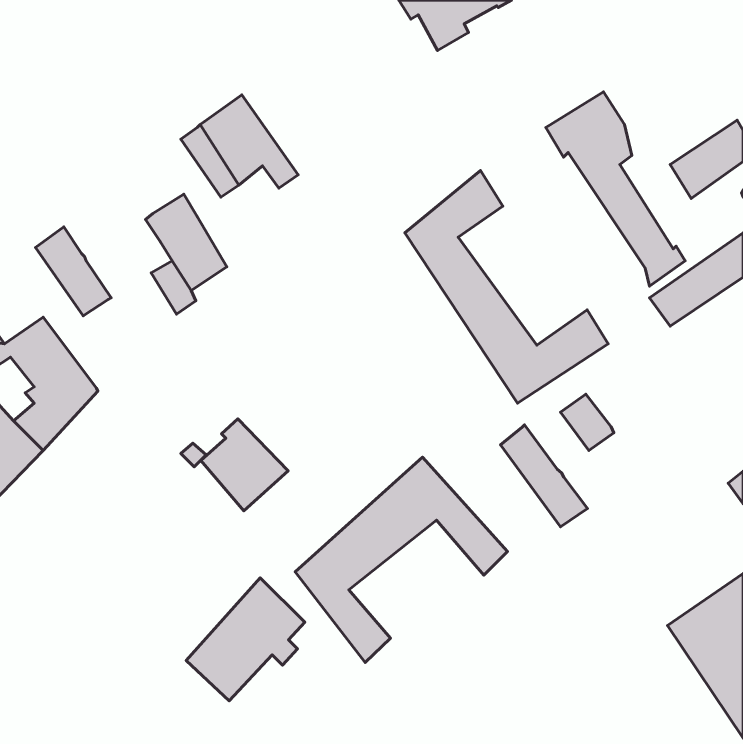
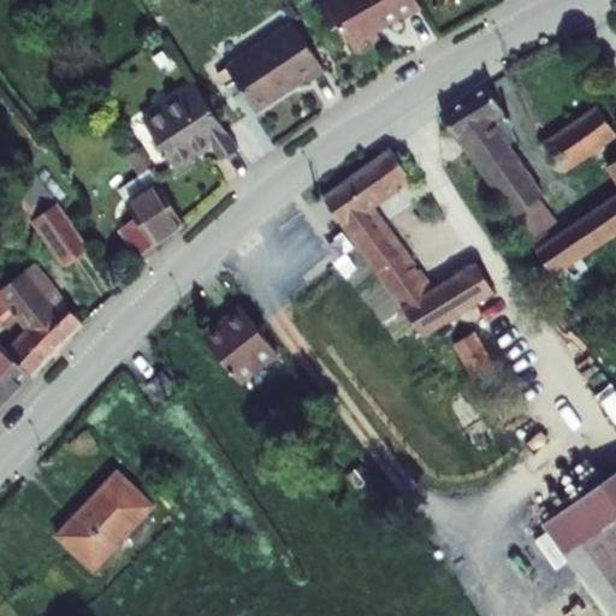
building: none -> [231,26,327,113]
building: [201,419,288,511] -> [205,306,276,380]
building: [500,425,588,527] -> none
building: [295,457,508,663] -> none
building: [186,578,305,701] -> [52,468,148,568]

